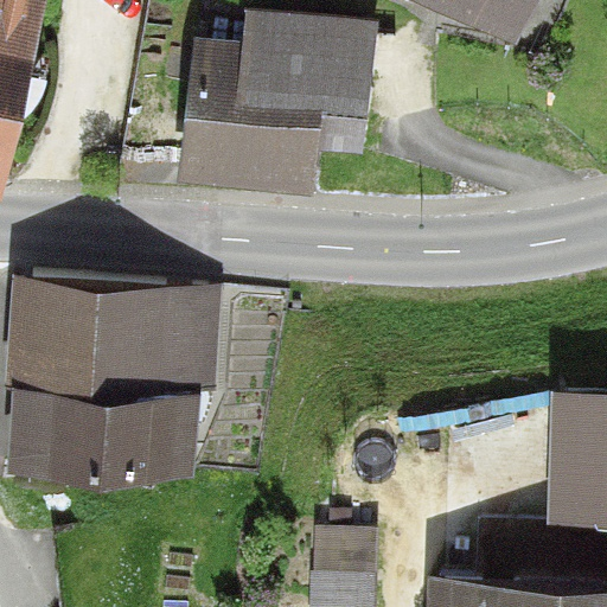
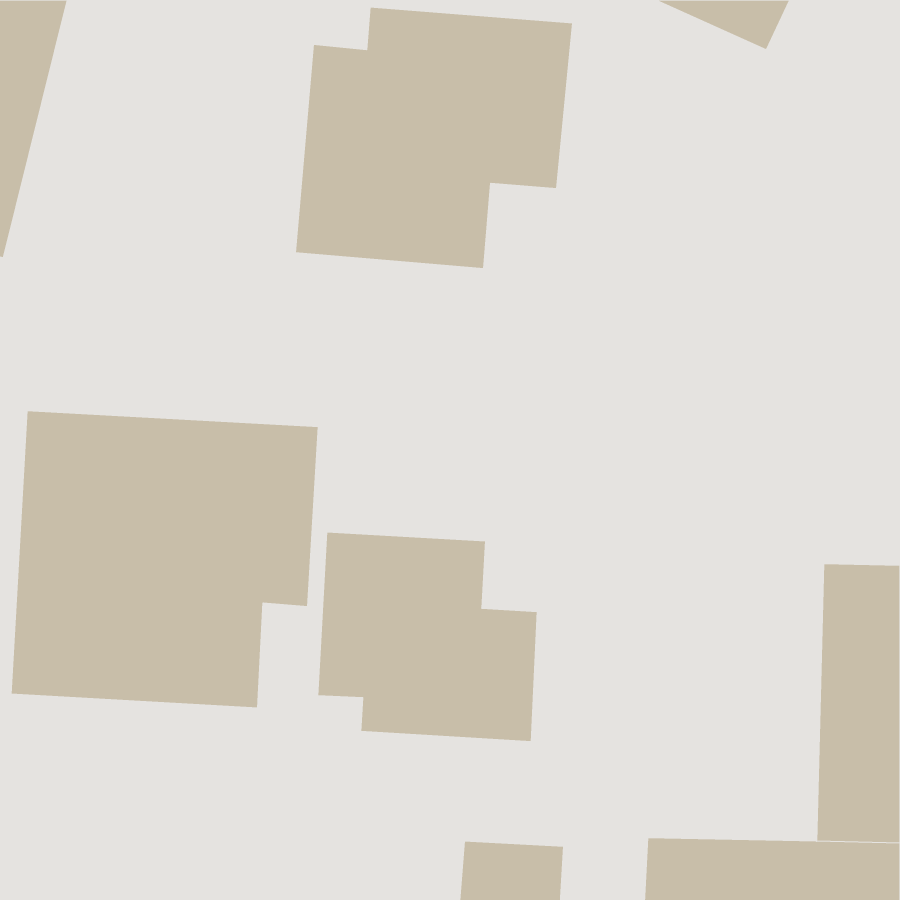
building: none -> [318,532,537,742]

